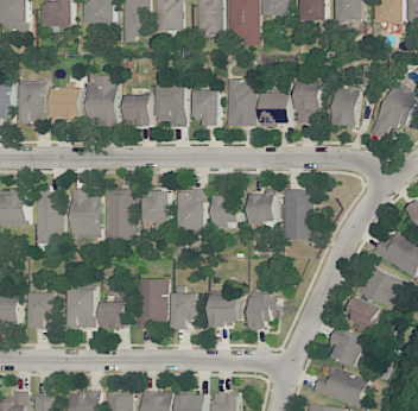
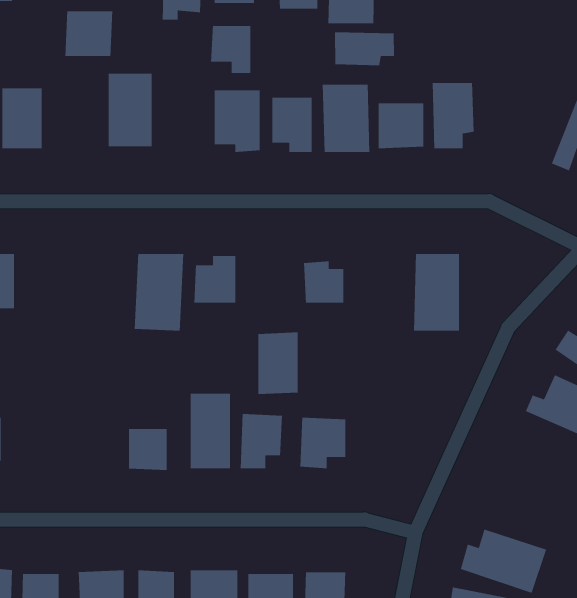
building: none -> [334,32,395,66]
building: [330,83,356,126] -> none
building: [50,88,81,118] -> [65,10,113,57]
building: [124,95,150,126] -> [210,25,251,74]
building: [69,189,99,239] -> none
building: [178,190,204,230] -> [258,332,298,395]
building: [248,194,274,223] -> none
building: [34,197,62,241] -> none
building: [66,289,94,327] -> none
building: [28,292,55,329] -> none
building: [249,296,279,330] -> none
building: [343,297,380,336] -> none
building: [329,328,368,369] -> none

